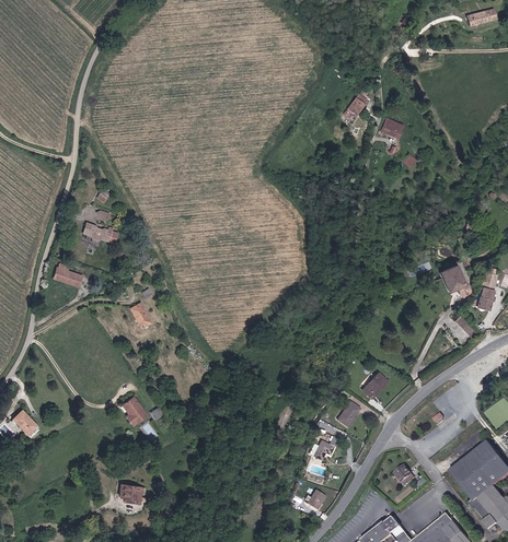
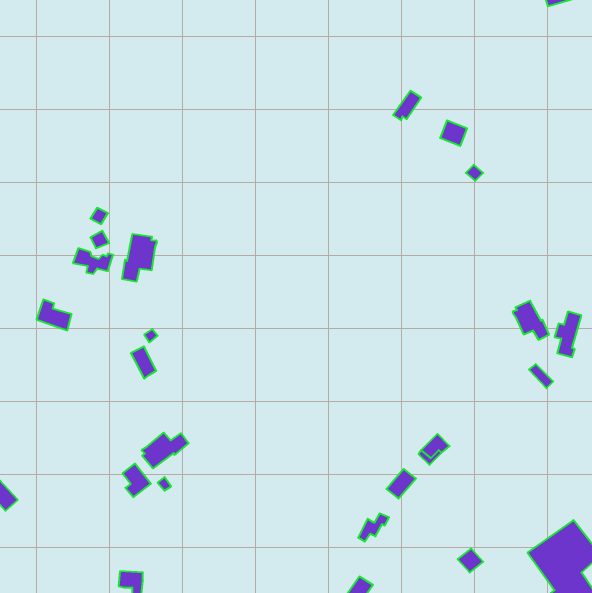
building: none -> [122,234,157,282]
building: none -> [142,433,189,468]

